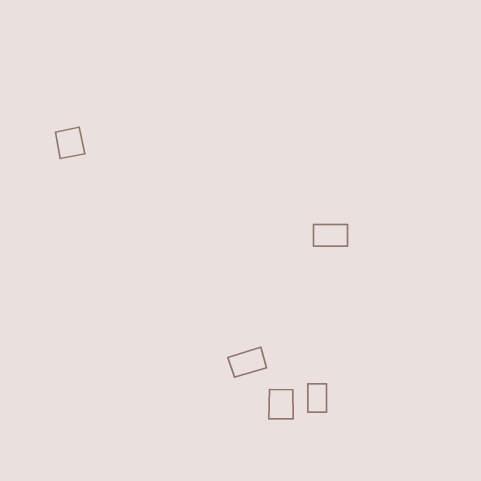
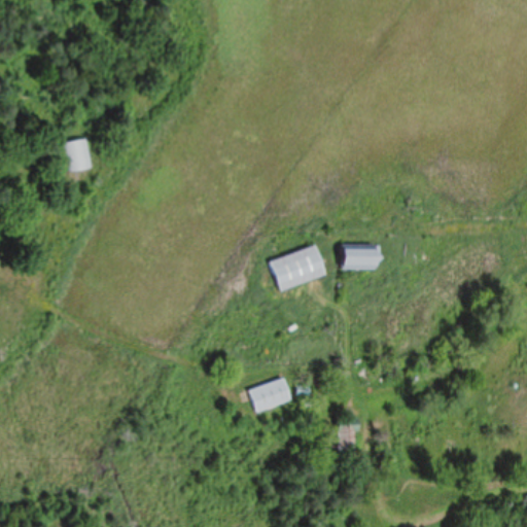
building: none -> [271,246,326,290]
building: [269,390,293,419] -> none

